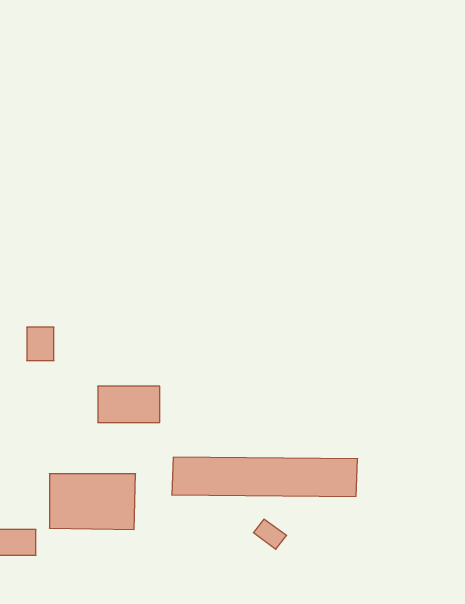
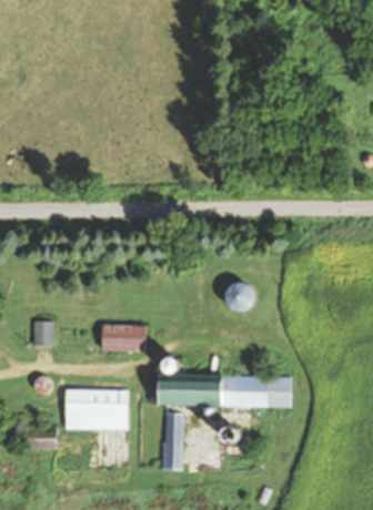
building: none -> [225,280,254,310]
building: [27,327,54,361] -> [34,322,54,346]
building: none -> [164,412,183,470]

